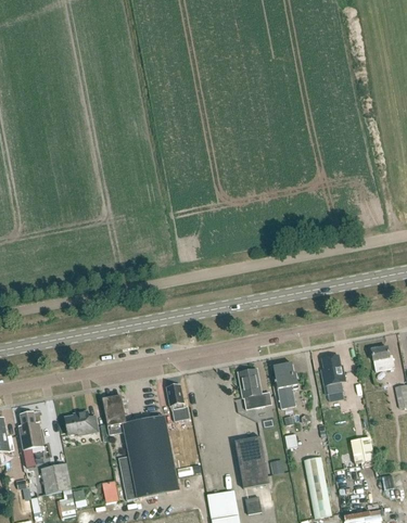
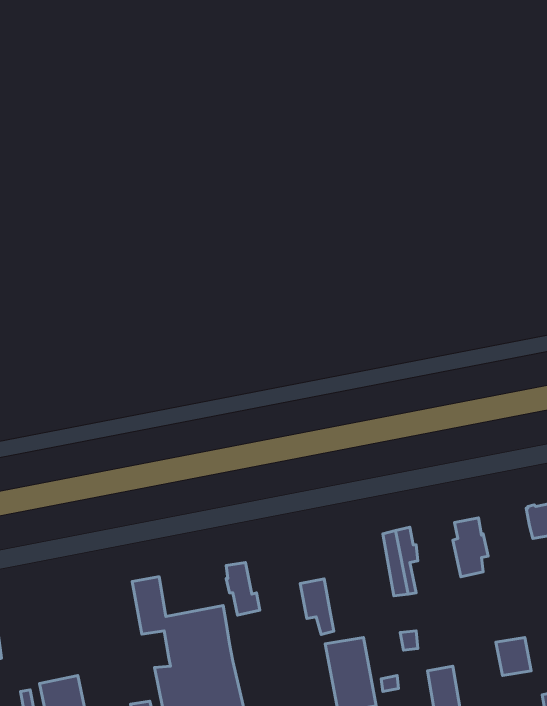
building: [240,369,263,407] -> [300,579,334,634]
building: [65,410,99,434] -> none
building: [20,411,44,451] -> none

